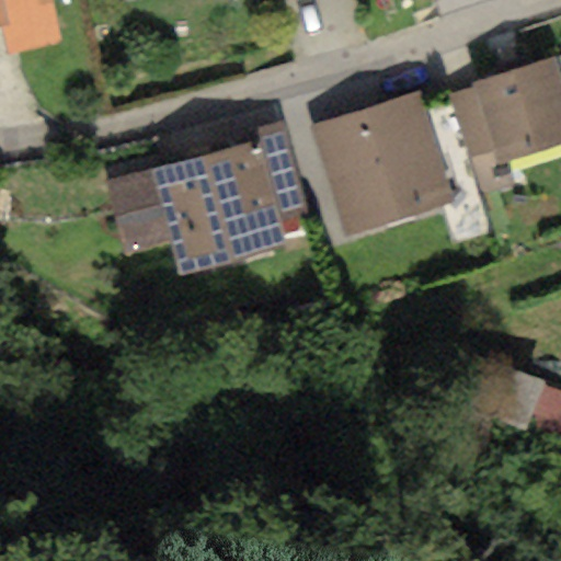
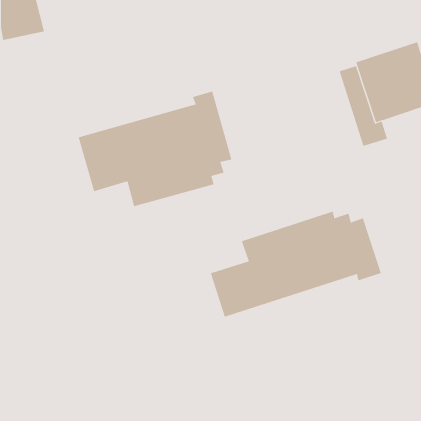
building: [310,91,455,237] -> none
building: none -> [210,211,382,317]

